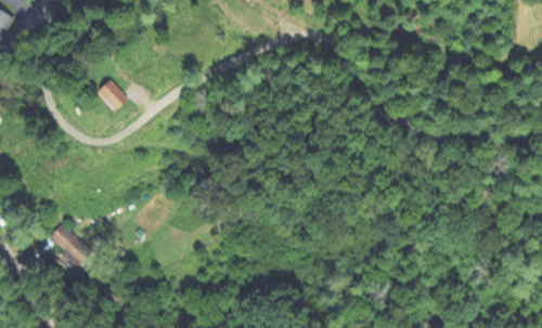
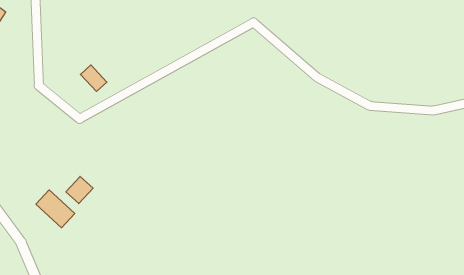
building: none -> [66,176,93,204]

